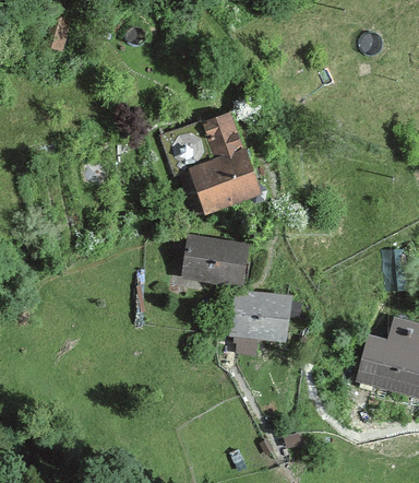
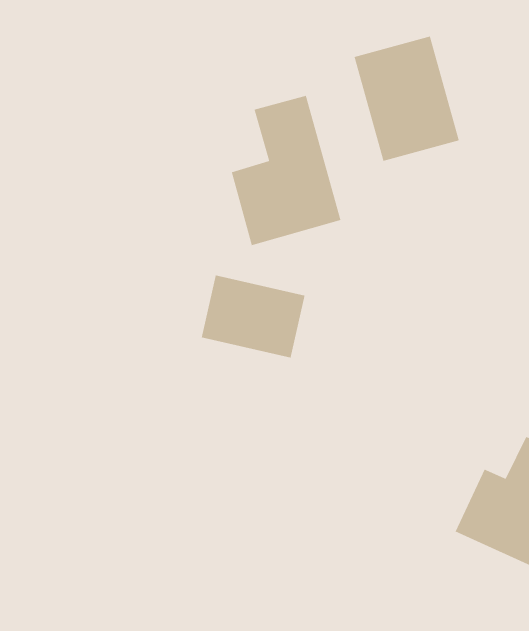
building: none -> [354,36,460,162]
building: [230,291,290,341] -> none

